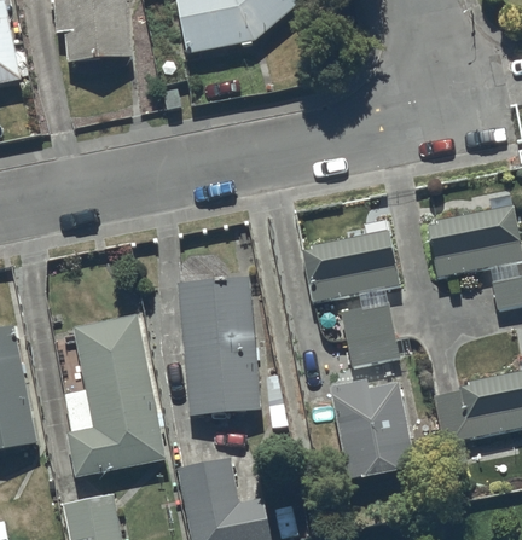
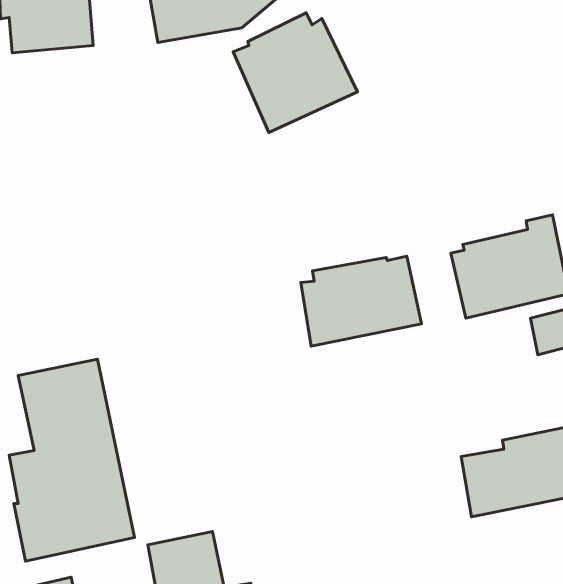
building: none -> [233,13,357,132]
building: [176,274,261,418] -> none
building: [340,297,399,367] -> none
building: [327,379,416,483] -> none

